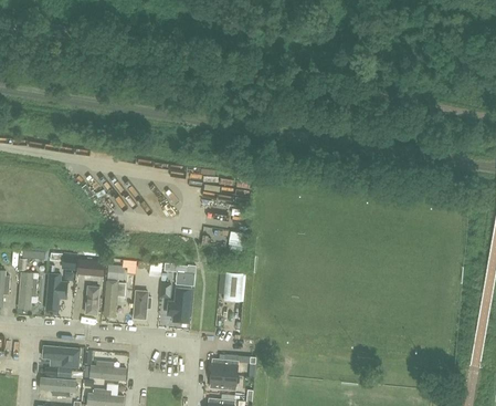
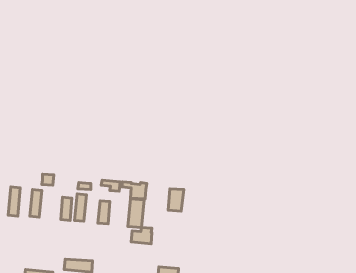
building: [42,346,81,367] -> none
building: [211,355,238,376] -> [131,227,152,244]

